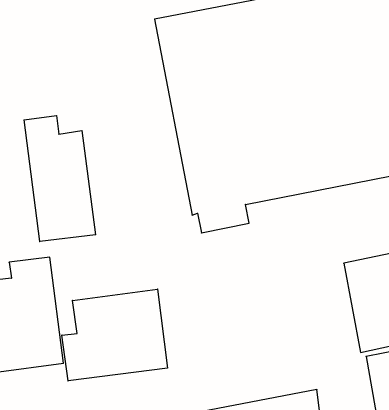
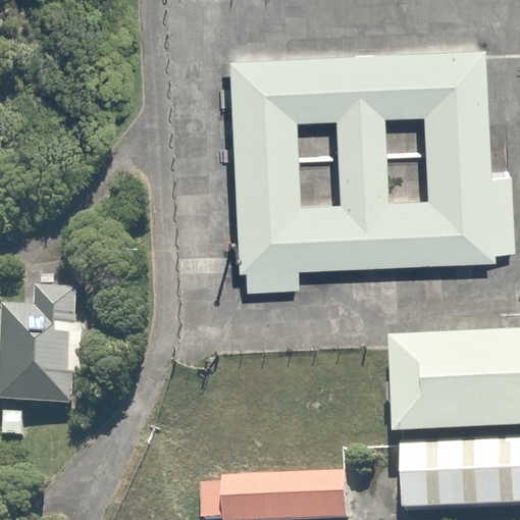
building: [24,116,96,242] -> none
building: [62,289,167,381] -> none

